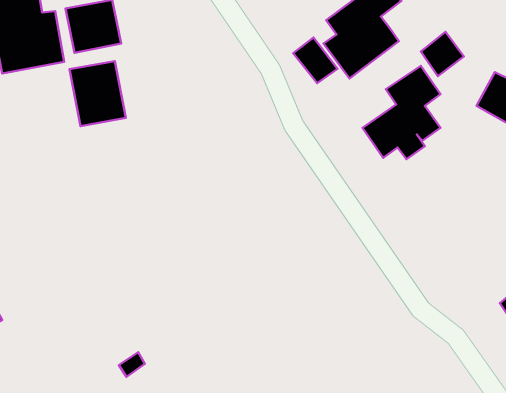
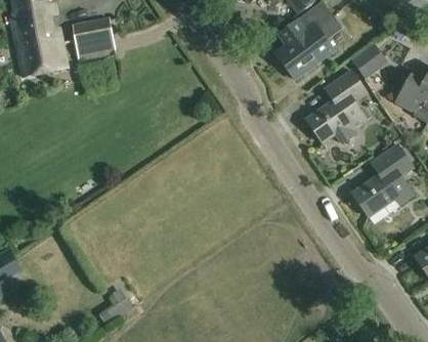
building: [293,38,338,83] -> none
building: [69,61,126,126] -> none
building: none -> [352,143,414,216]

